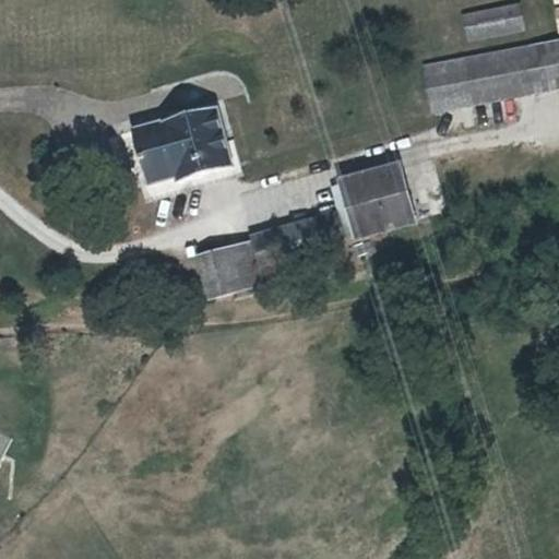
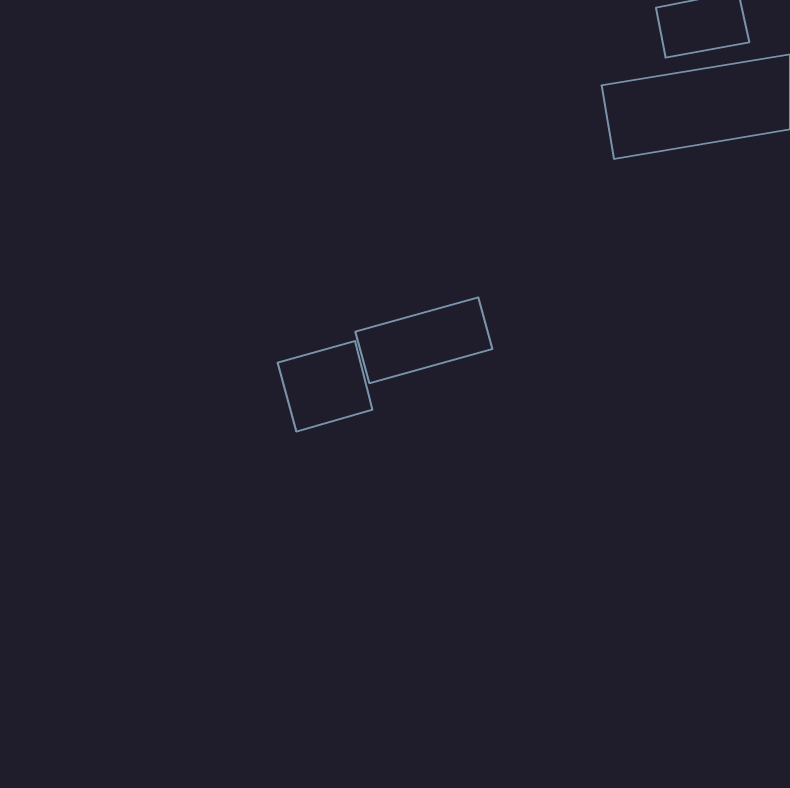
building: [132,104,231,188] -> none
building: [337,158,419,241] -> none

